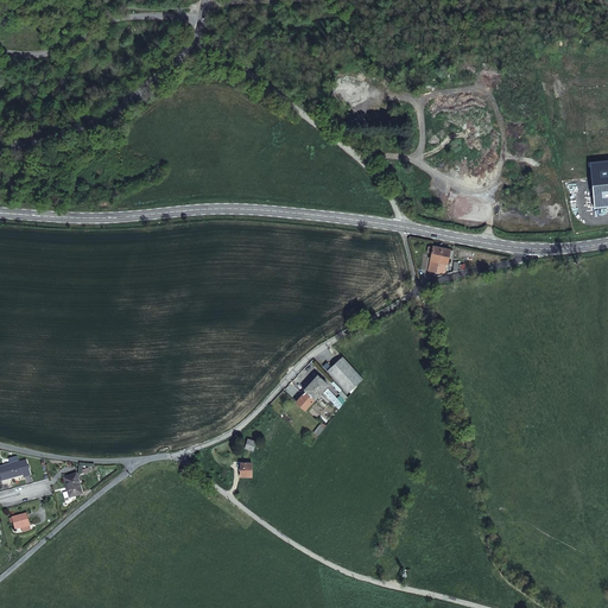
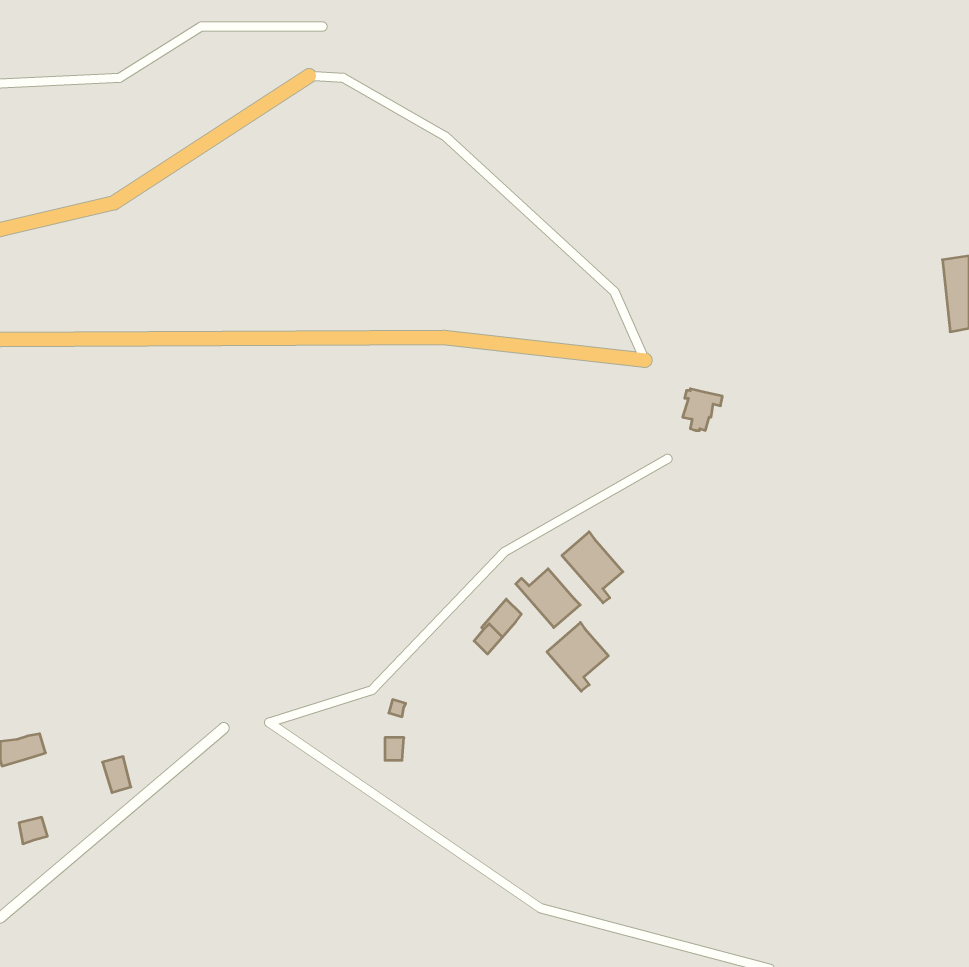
building: none -> [562,532,623,603]
building: none -> [547,622,608,691]

